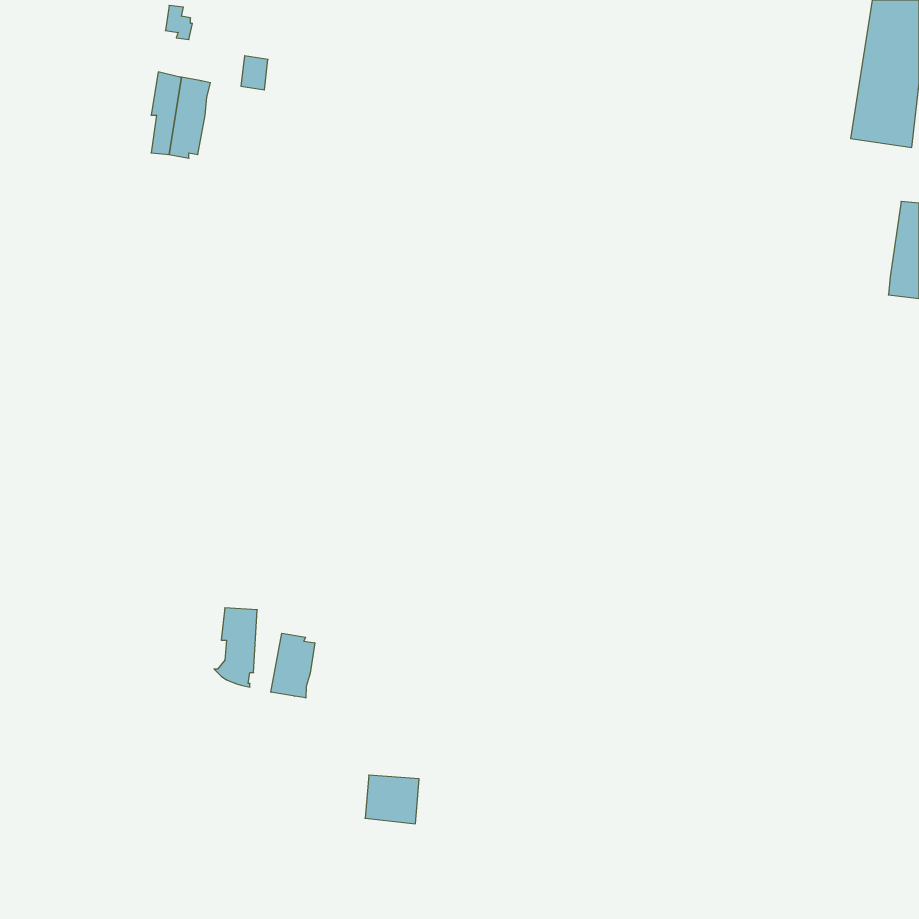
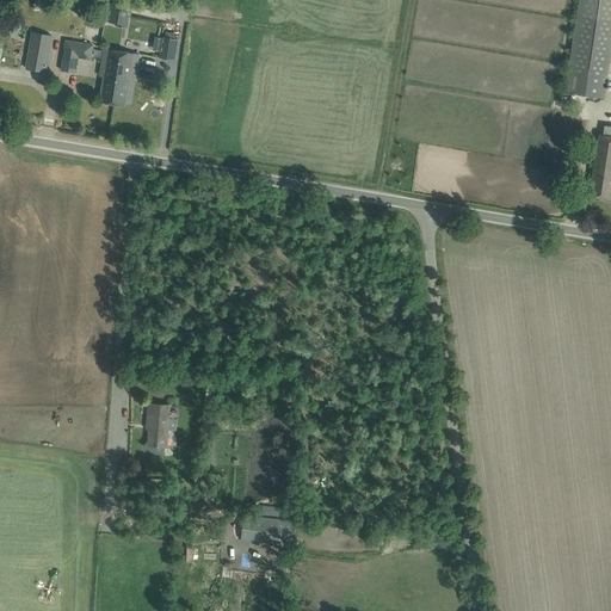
building: none -> [26,32,53,72]
building: none -> [62,41,93,73]
building: [271,633,315,698] -> none

